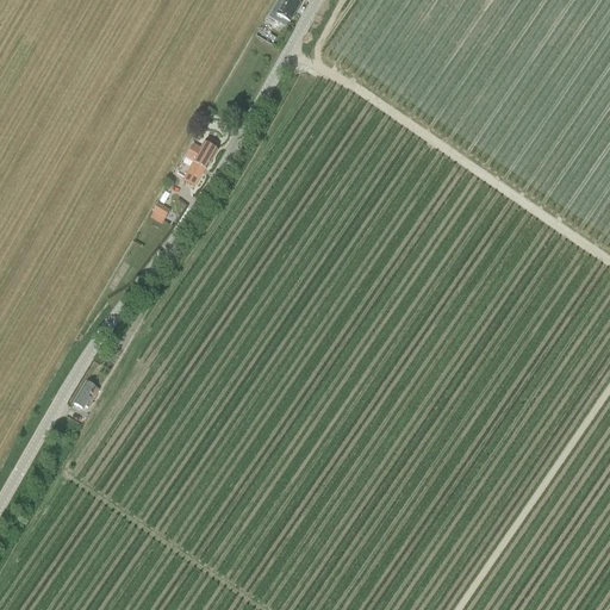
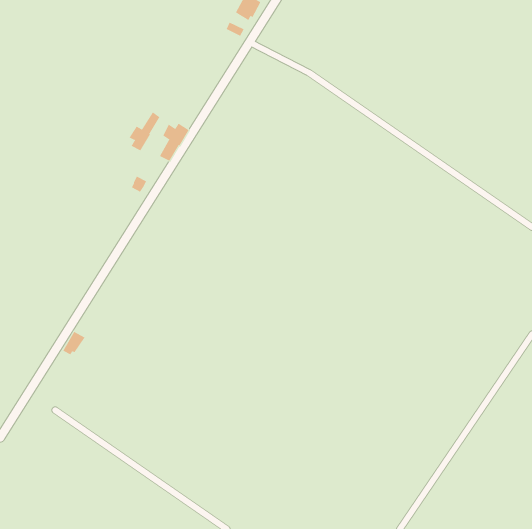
building: none -> [129,111,160,151]

